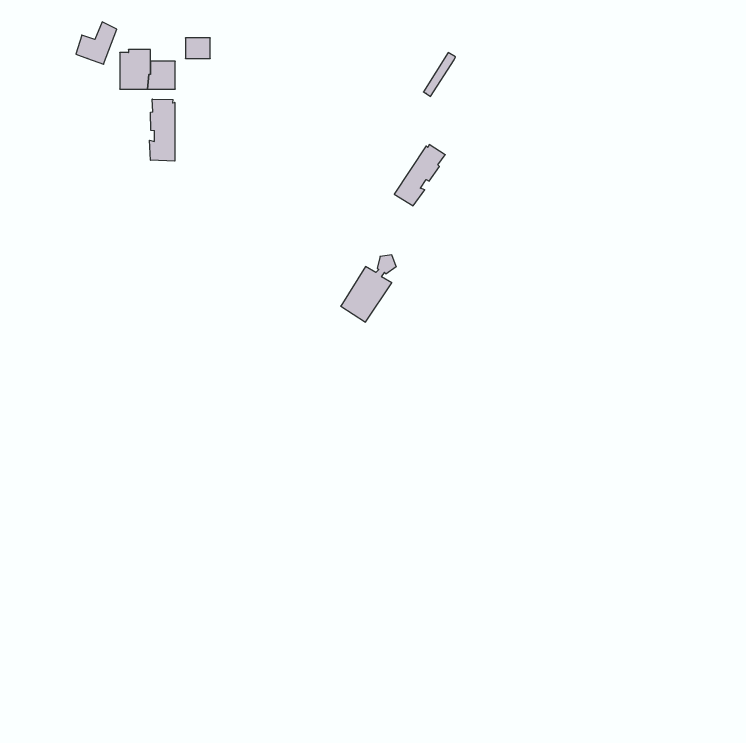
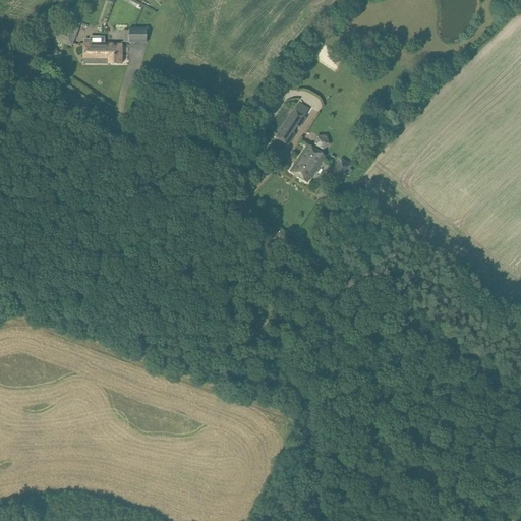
building: [150,99,175,161] -> none
building: [341,255,396,322] -> [290,134,329,181]

